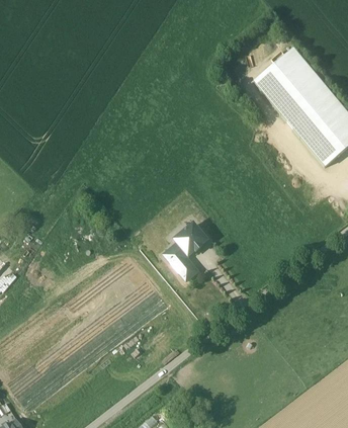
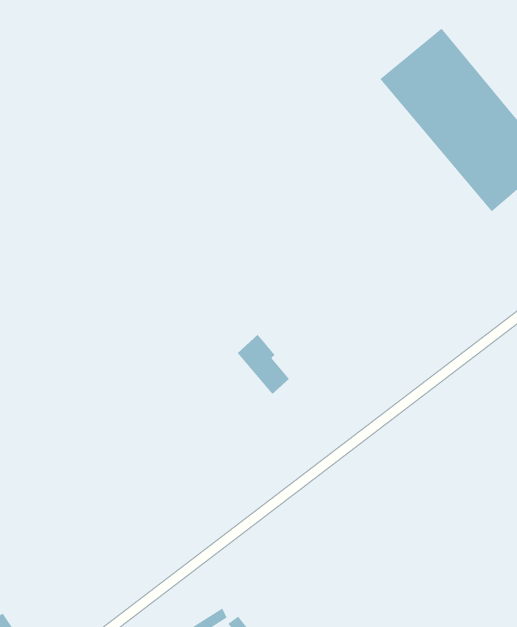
building: [174,224,209,255] -> none

